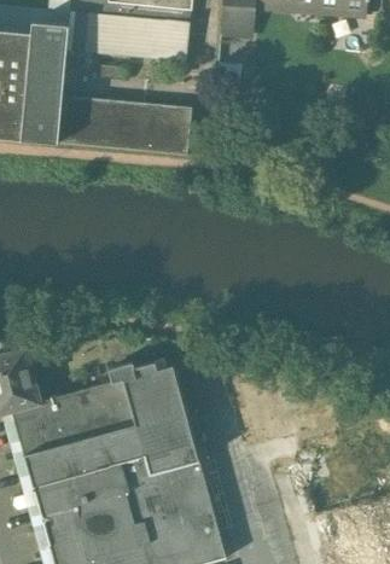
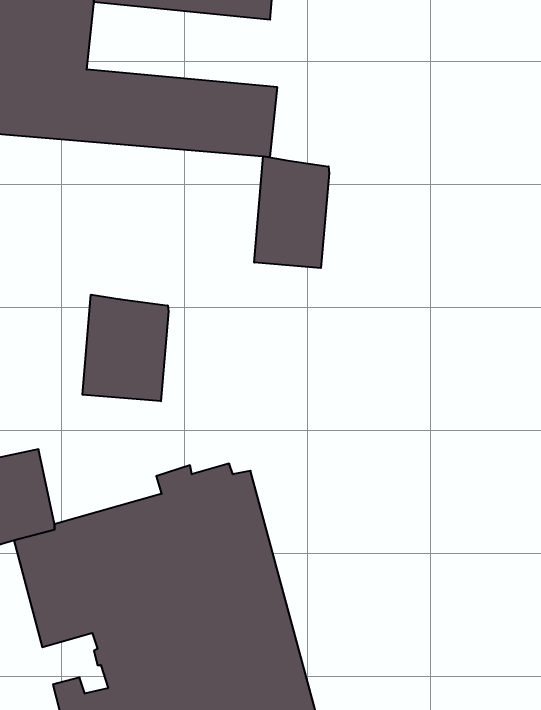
building: none -> [254,156,329,268]
building: none -> [82,295,169,401]

